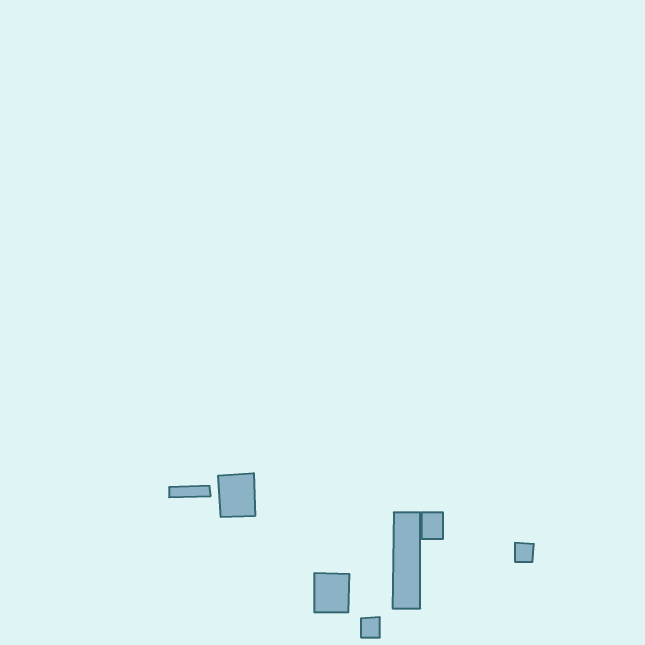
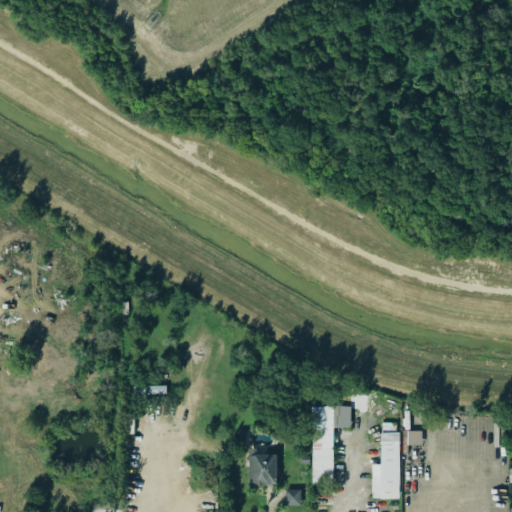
building: [218,473,255,517] -> none
building: none -> [371,424,400,498]

